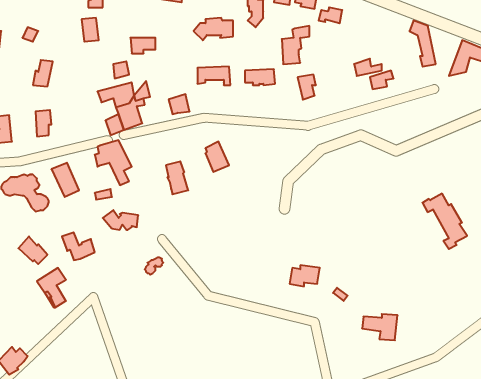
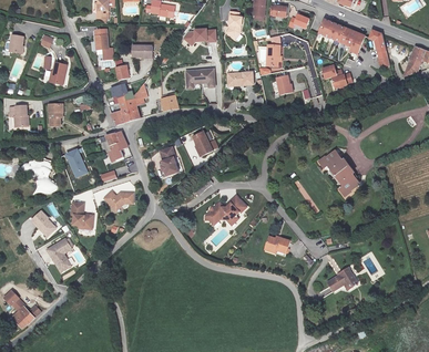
building: none -> [317,19,364,52]
building: [422,194,467,249] -> [320,152,358,198]
building: none -> [203,195,248,225]

